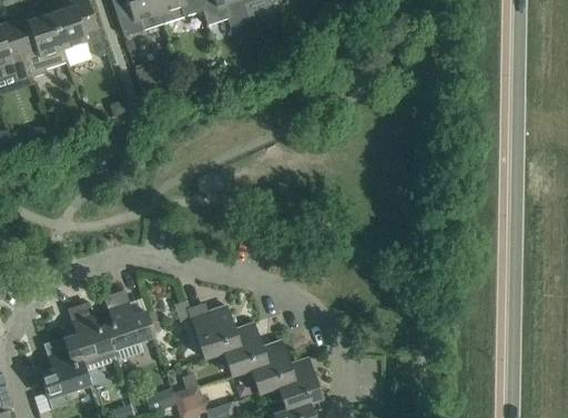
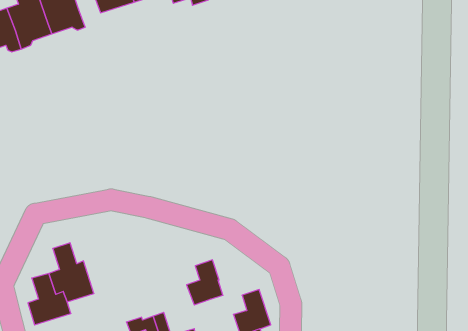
building: [104,289,154,360] -> none
building: [189,303,240,356] -> none
building: [252,338,294,391] -> none

